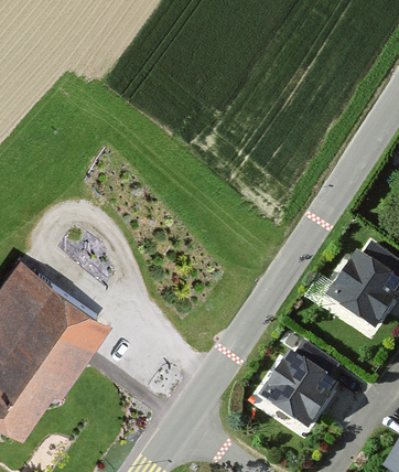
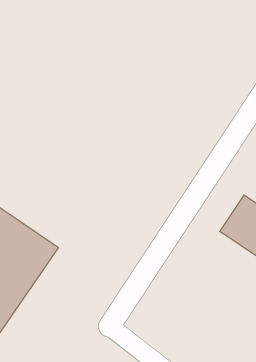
building: [252,352,334,432] -> none

